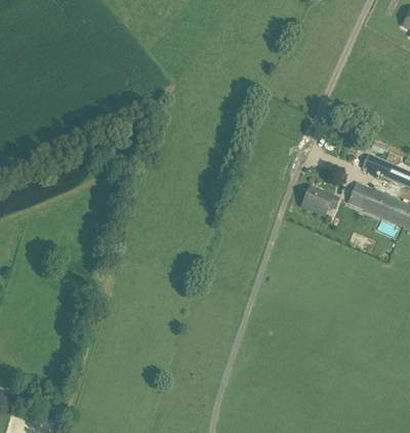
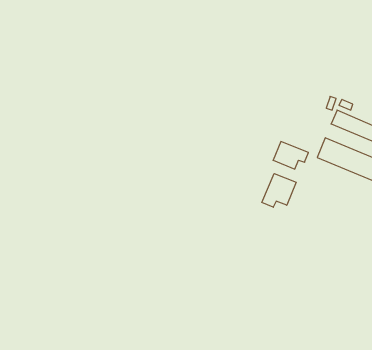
building: none -> [262,174,296,207]

